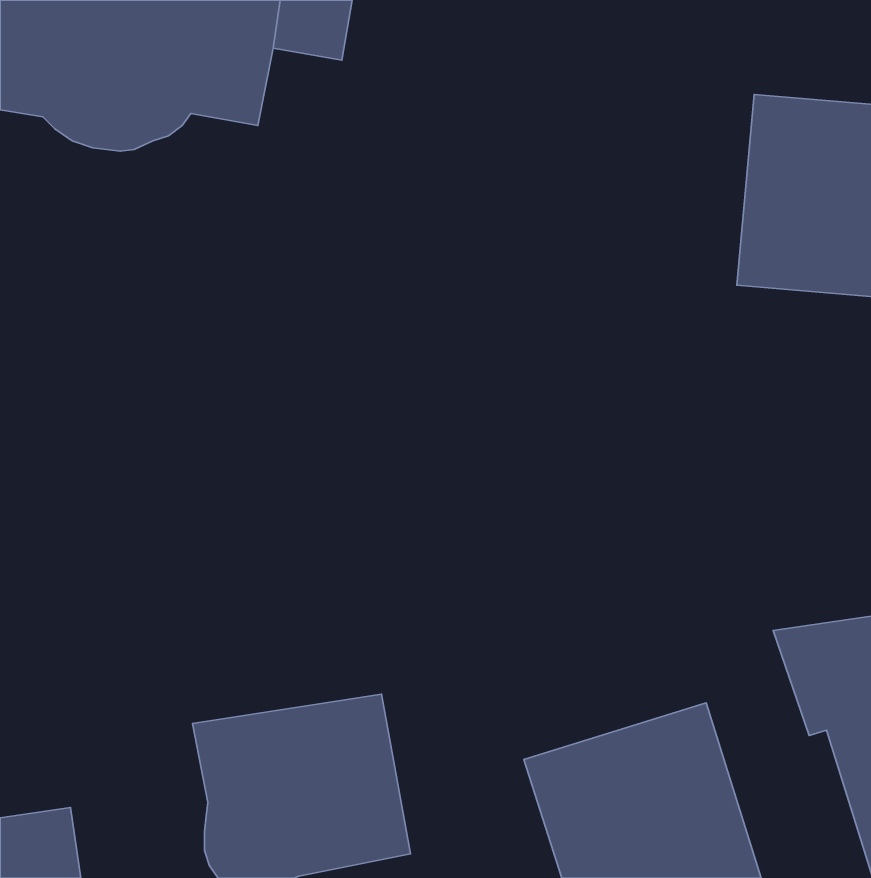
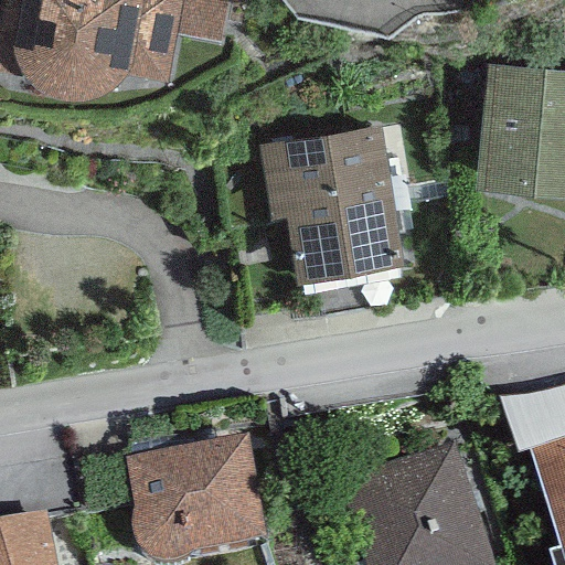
building: none -> [262,120,406,278]

